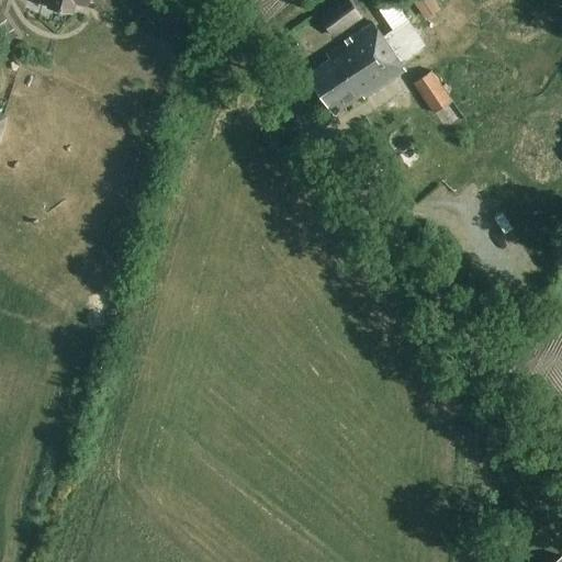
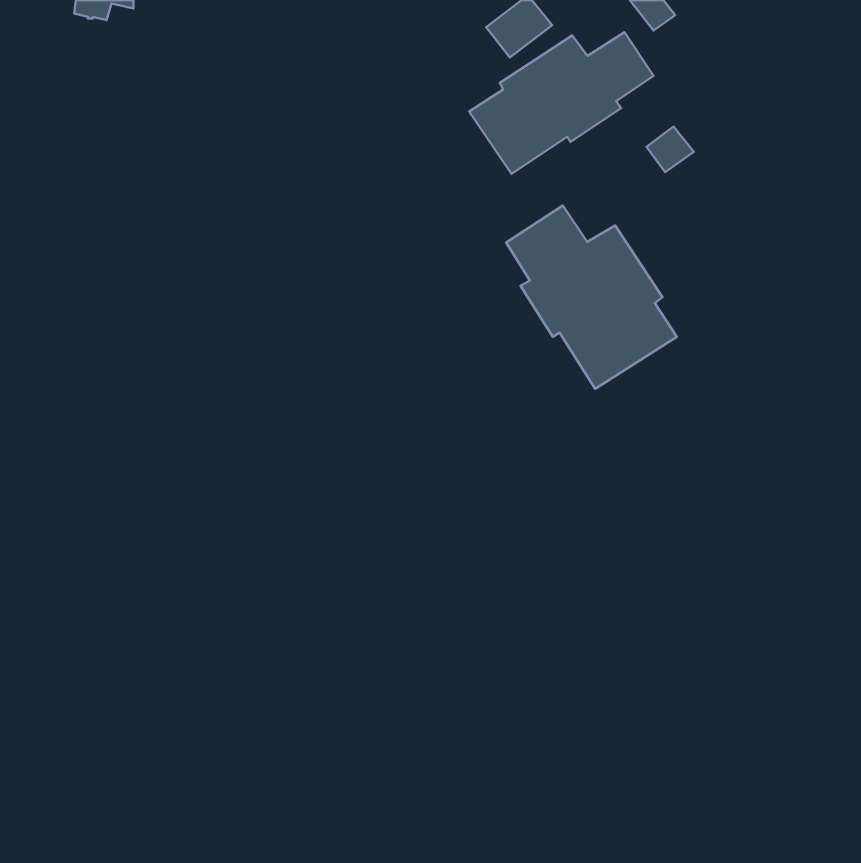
building: none -> [506,206,677,389]

